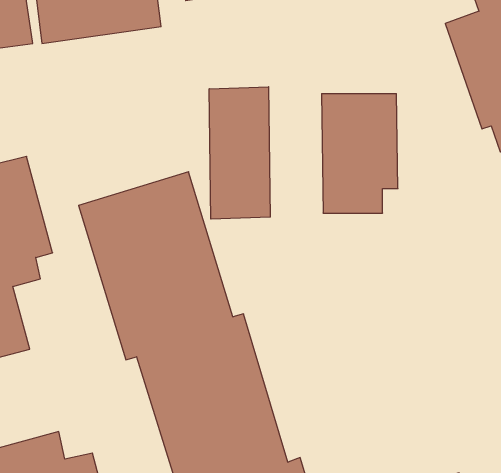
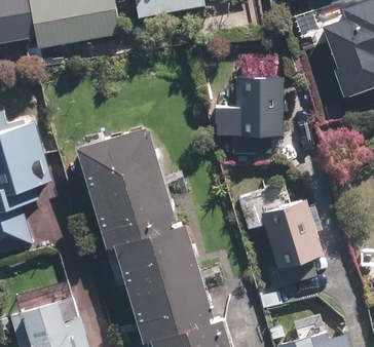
building: [209,87,270,219] -> none
building: none -> [239,183,327,287]

